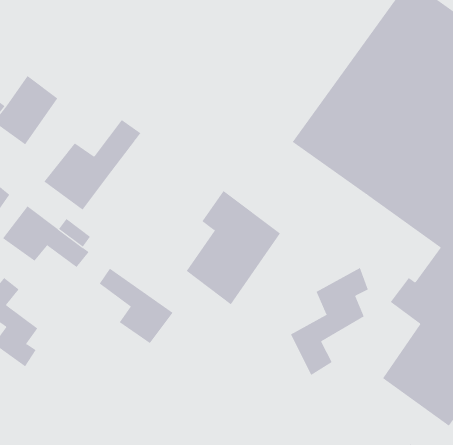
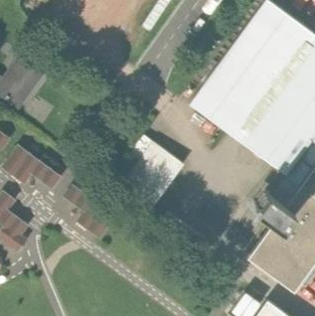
building: [44,119,141,211] -> none
building: [290,267,368,376] -> none

